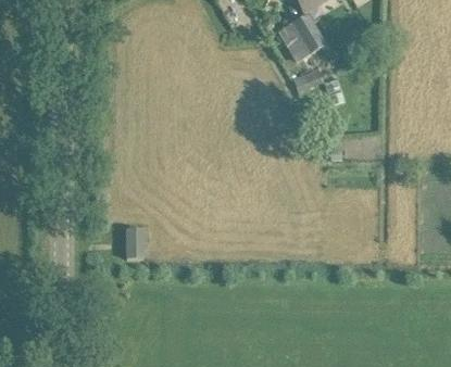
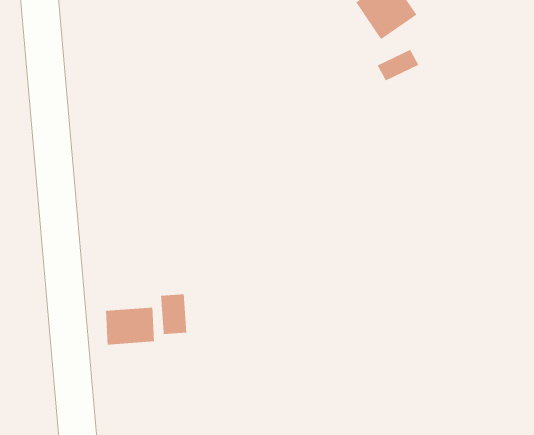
building: none -> [105,307,155,345]

